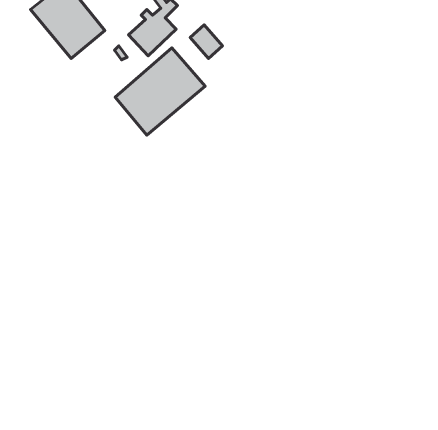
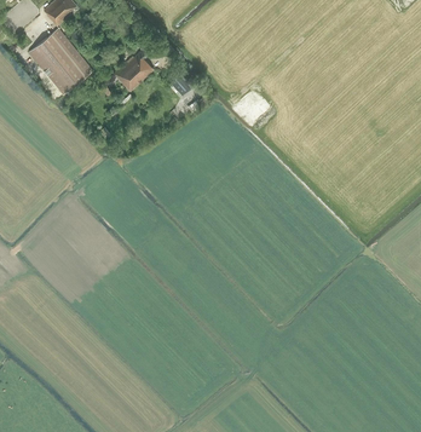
building: [115,48,205,135] -> none

